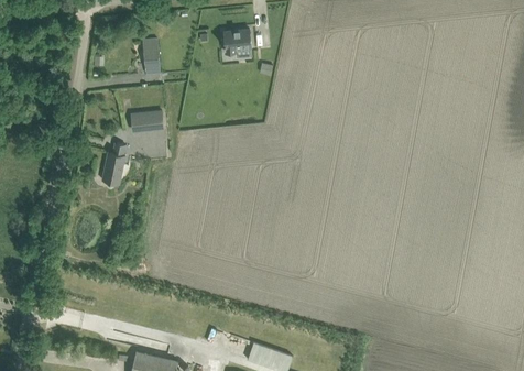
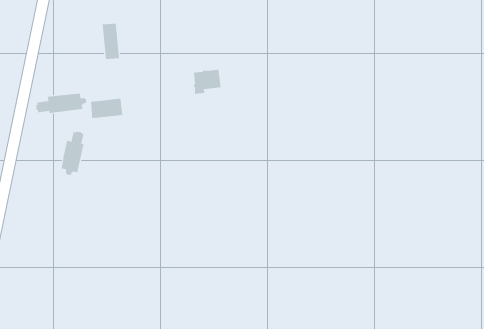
building: [223,29,251,53] -> [193,69,222,94]
building: none -> [36,93,87,114]

